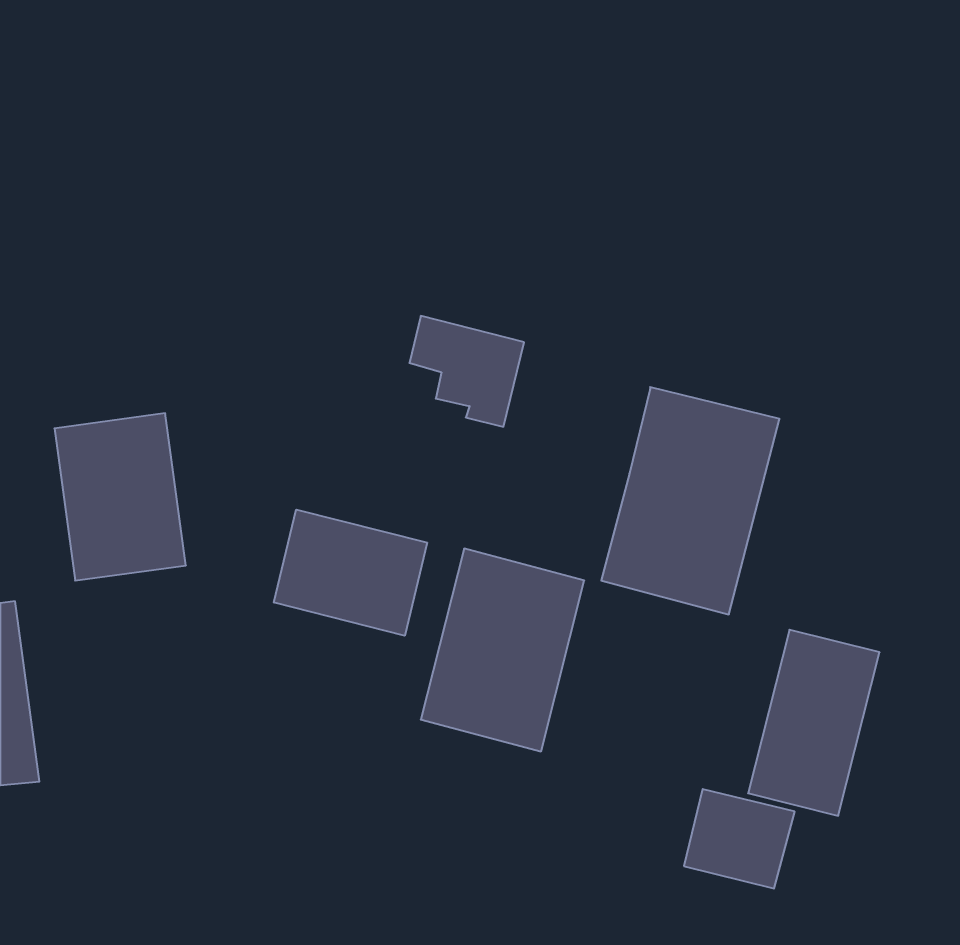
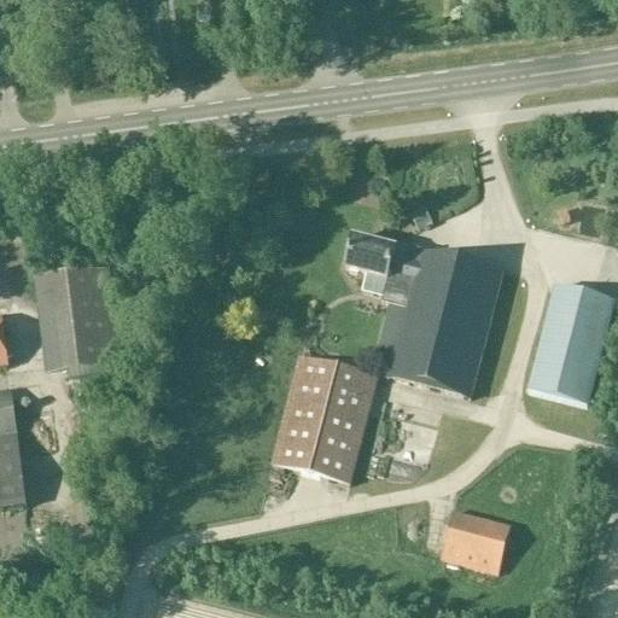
building: [409,316,524,427] -> [344,233,418,304]
building: [274,510,427,636] -> none
building: [748,630,880,816] -> [527,284,612,403]

